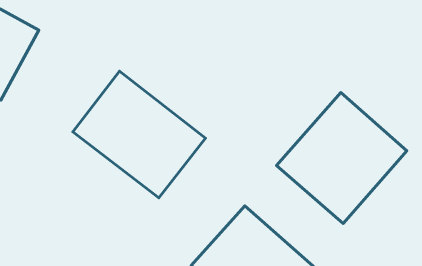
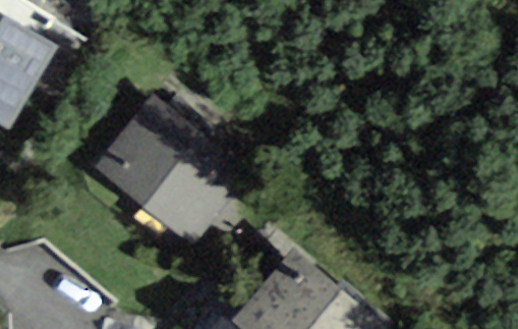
building: [276,92,407,224] -> none

